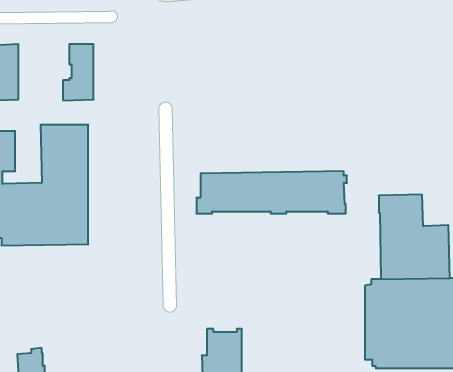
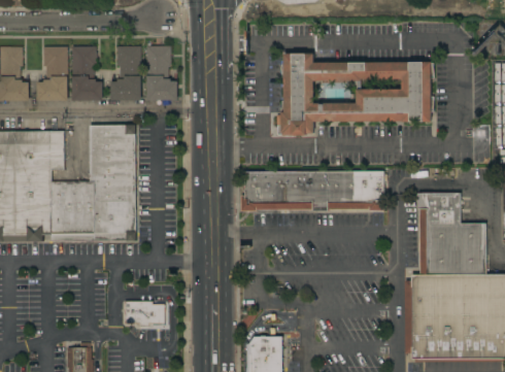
building: none -> [71,46,102,101]
building: none -> [146,46,177,101]
building: none -> [276,54,432,135]
building: none -> [124,302,167,328]

